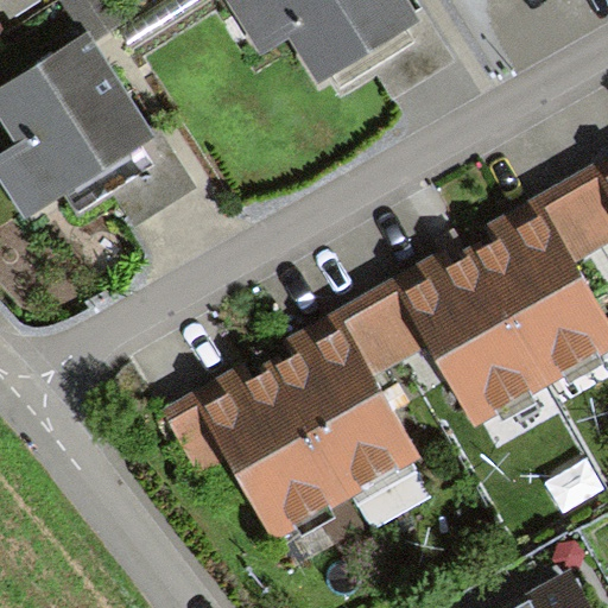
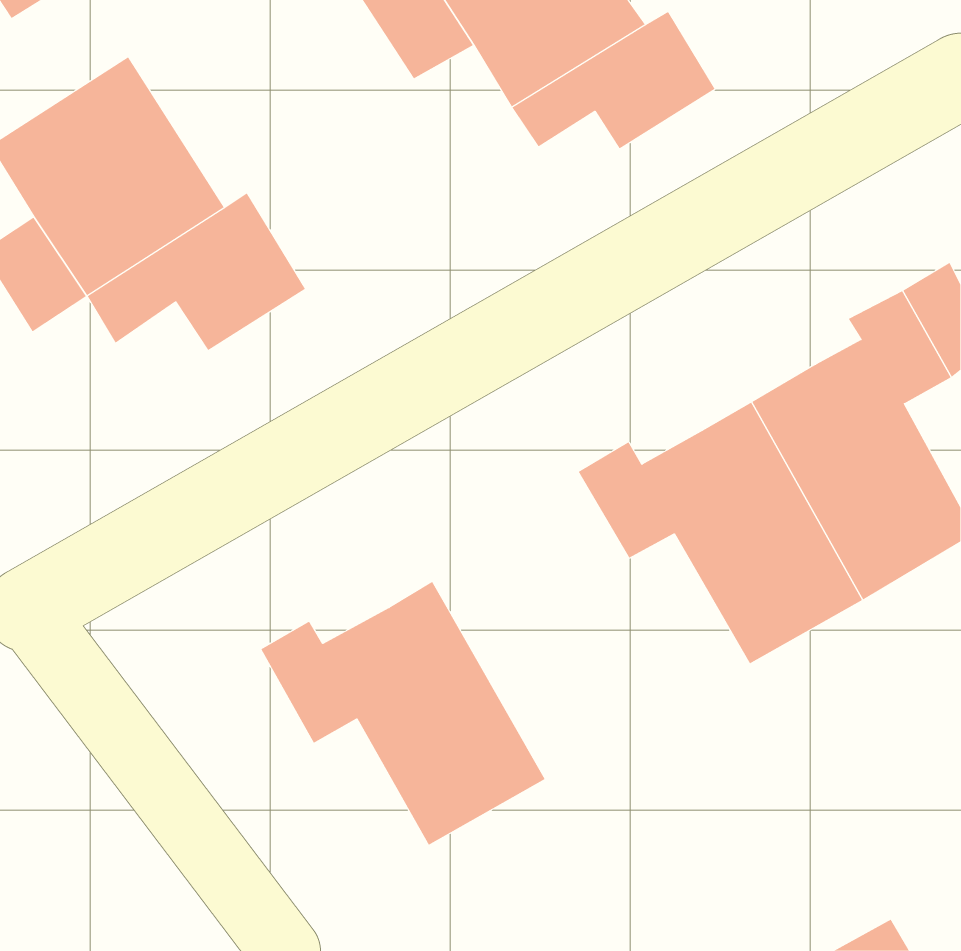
building: [272,297,424,519] -> none

